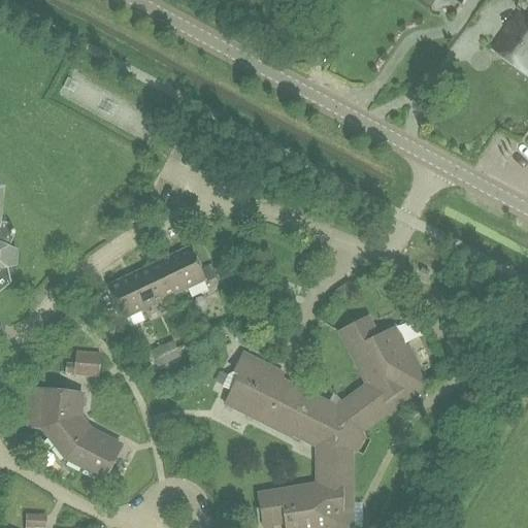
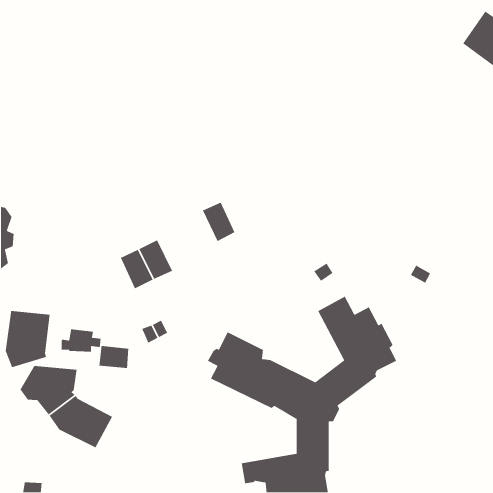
building: [169,245,205,289] -> [202,202,236,242]
building: [108,274,144,318] -> none
building: none -> [5,310,50,368]
building: none -> [99,345,129,369]

